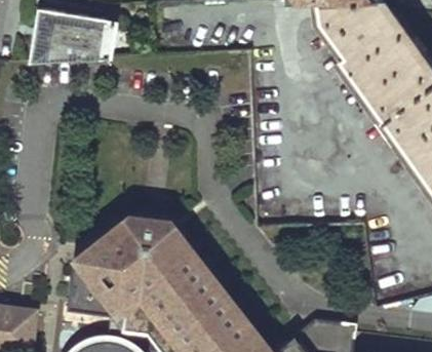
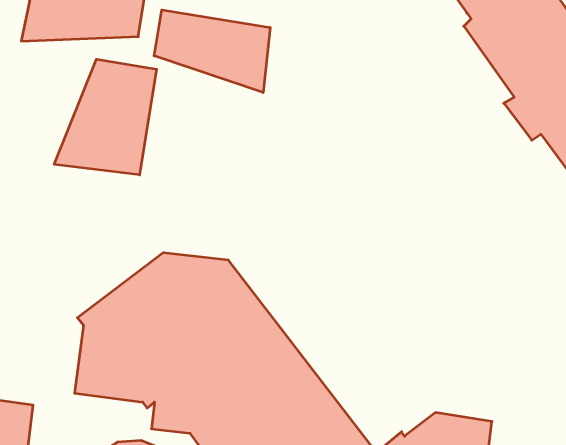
building: none -> [154,10,270,93]
building: none -> [54,59,157,175]

